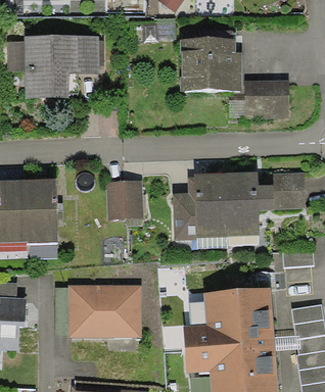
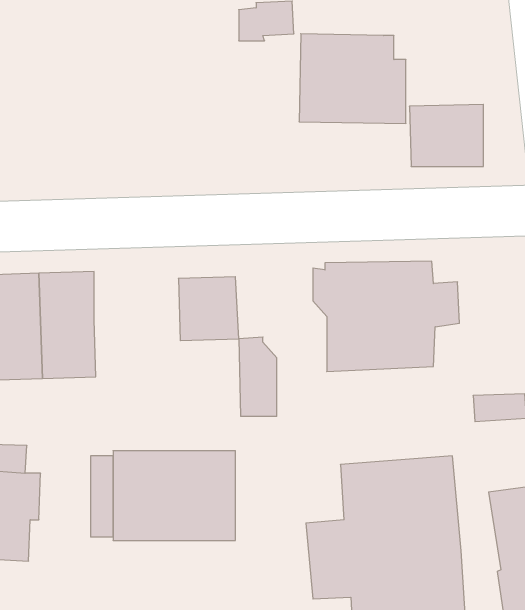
building: [7,36,99,98] -> none
building: [273,173,305,209] -> none
building: [173,193,195,240] -> [239,337,277,416]

